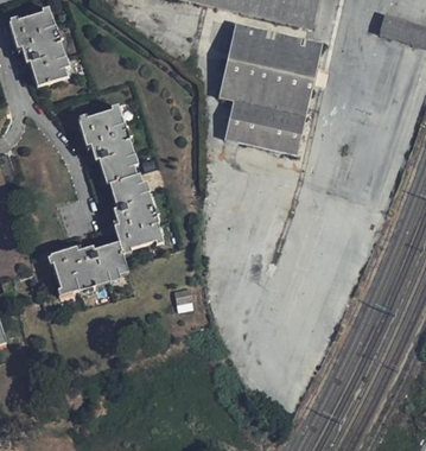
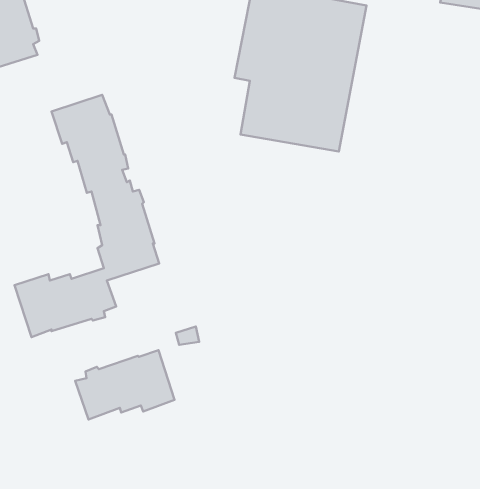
building: none -> [75,350,174,419]

